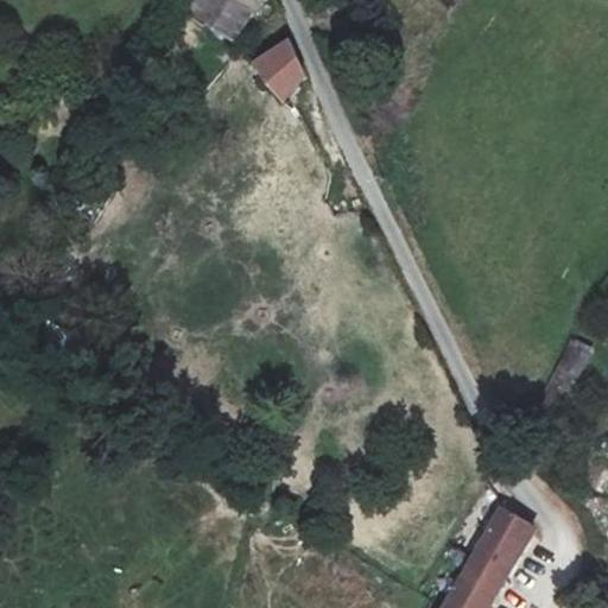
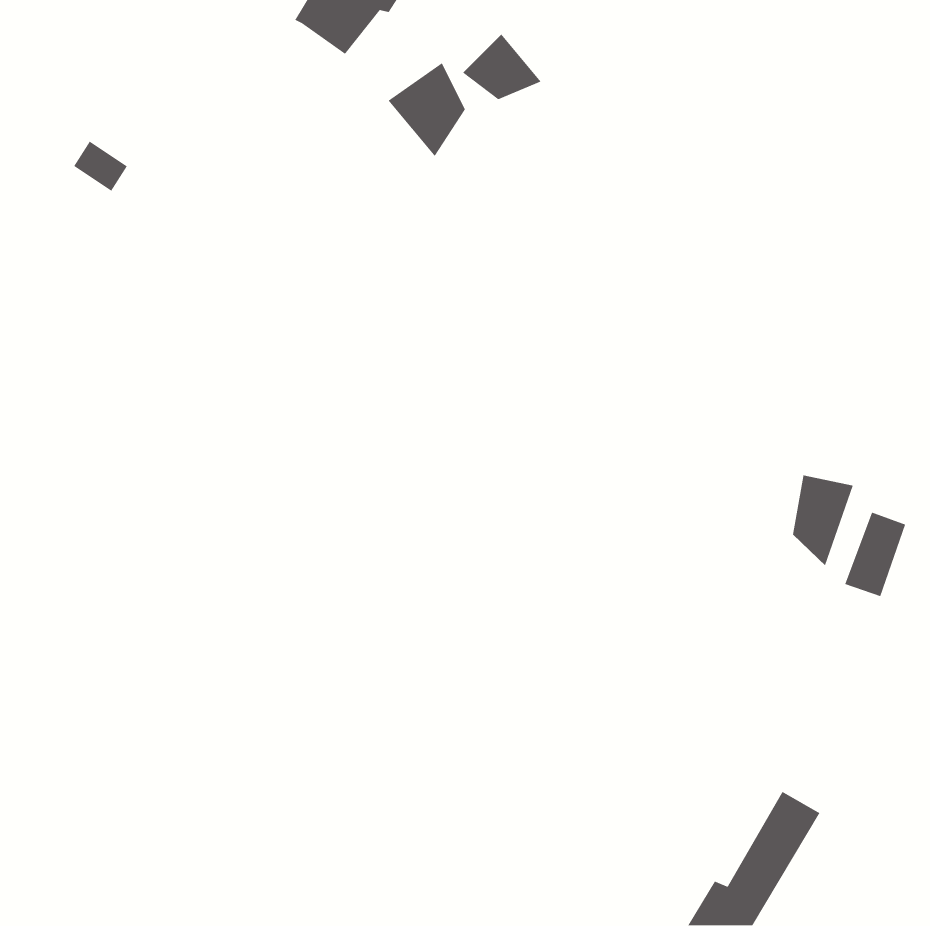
building: none -> [462,34,542,100]
building: none -> [792,474,854,566]

